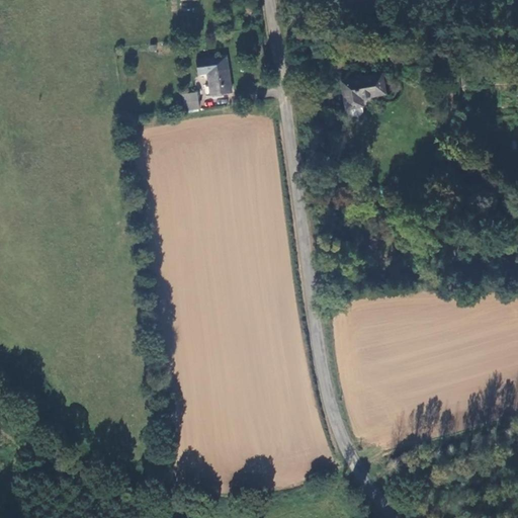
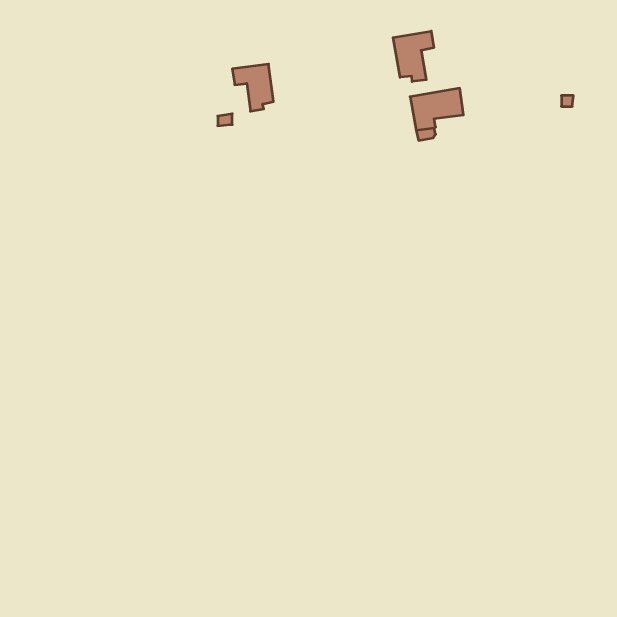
building: none -> [393,31,434,82]

